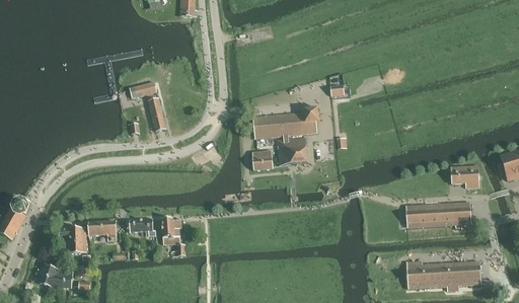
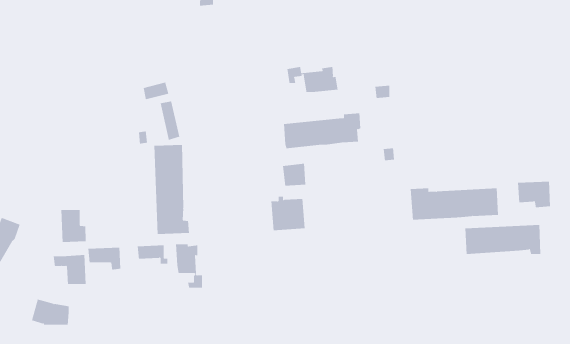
building: none -> [287,66,338,93]
building: none -> [154,144,190,235]
building: [277,135,306,164] -> [271,196,305,231]
building: none -> [61,209,86,243]
building: [405,260,480,288] -> [410,188,499,220]

